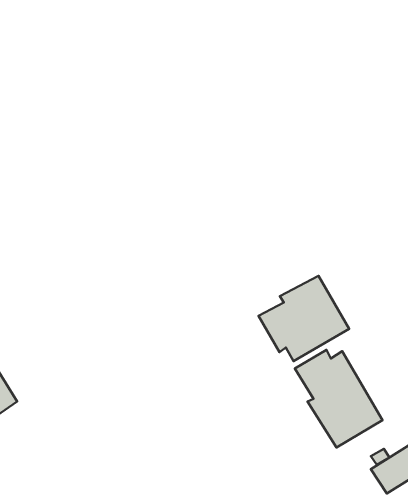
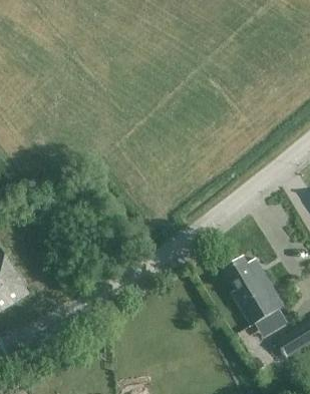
building: [259,276,349,361] -> none

